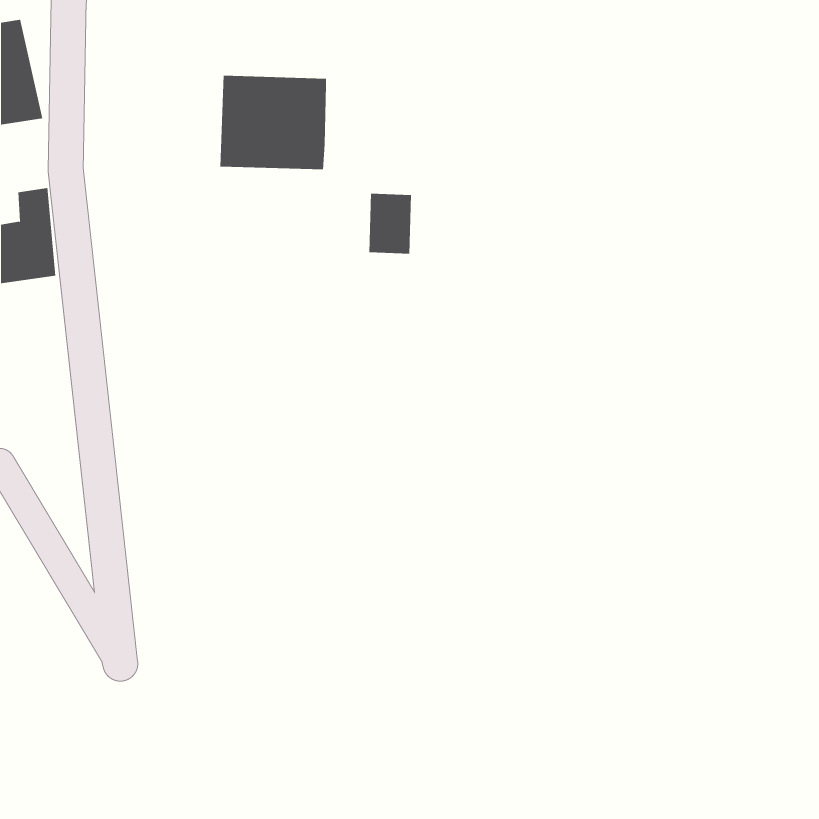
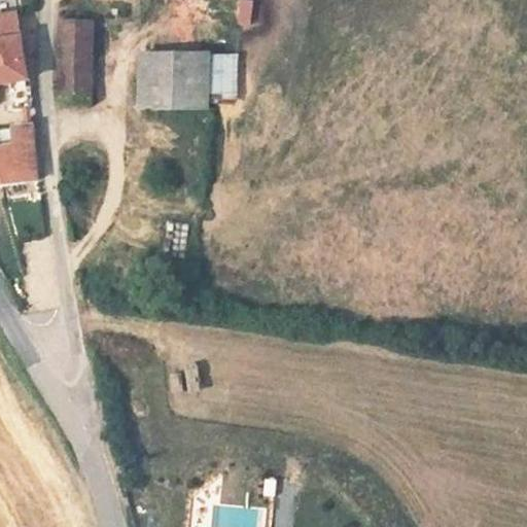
building: none -> [60,19,91,101]
building: [369,193,412,254] -> [209,55,237,94]

